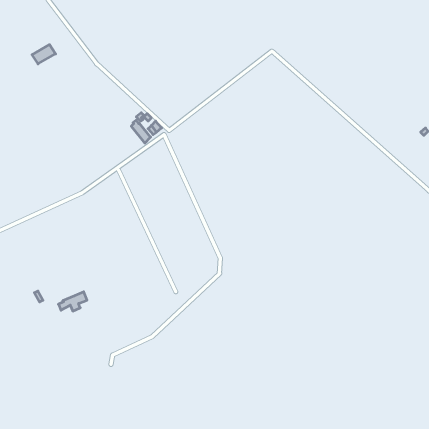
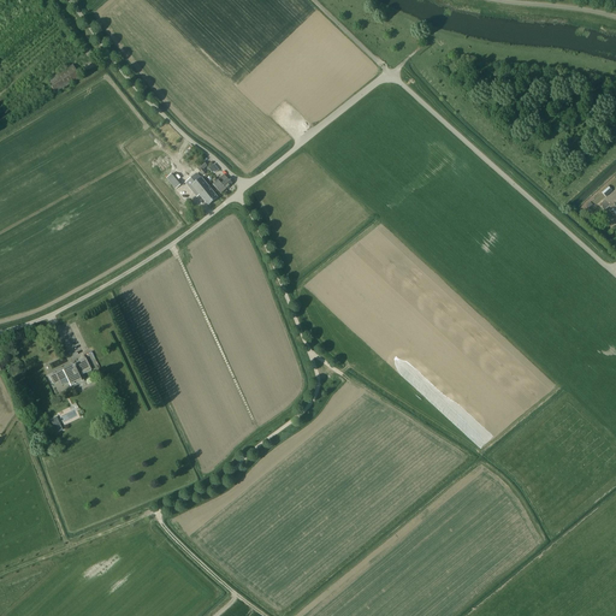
building: [58,292,87,311] -> [48,357,89,385]

